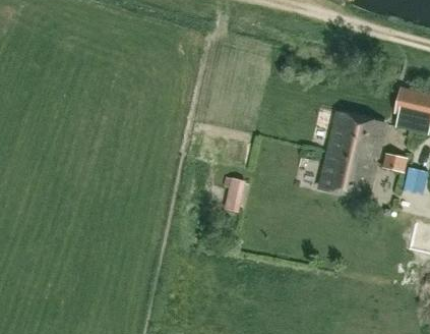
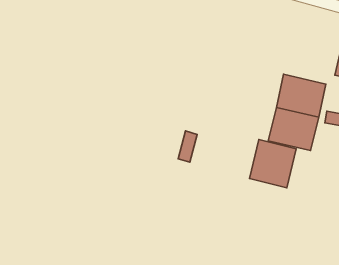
building: none -> [250,139,296,188]

